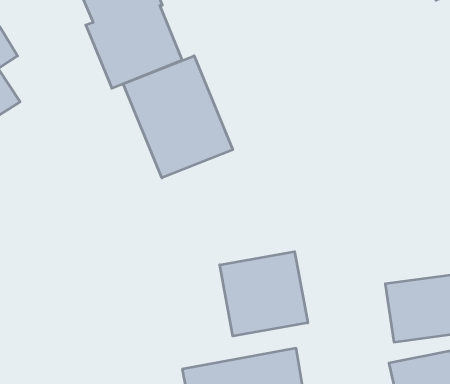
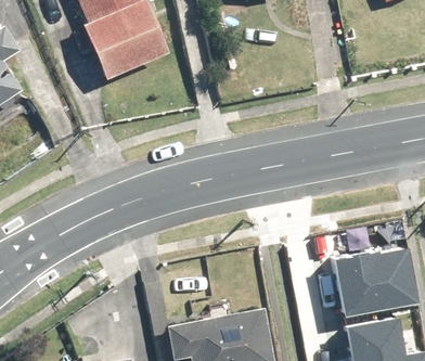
building: [123,56,233,178] -> none
building: [220,252,308,336] -> none

